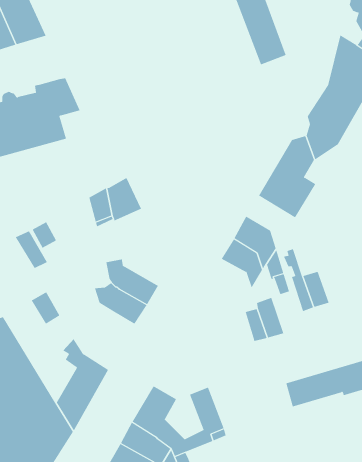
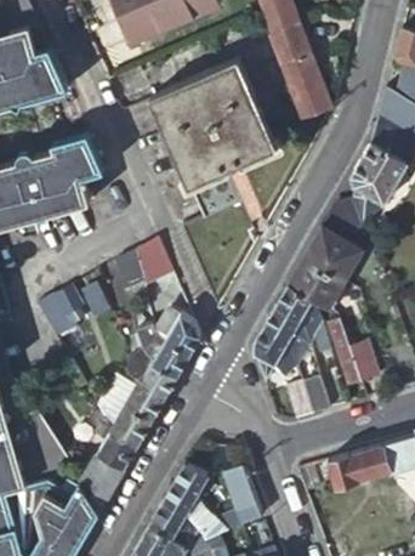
building: none -> [150,64,274,223]
building: none -> [284,261,337,307]
building: none -> [153,313,201,358]
building: none -> [251,329,290,382]
building: none -> [110,384,165,448]

